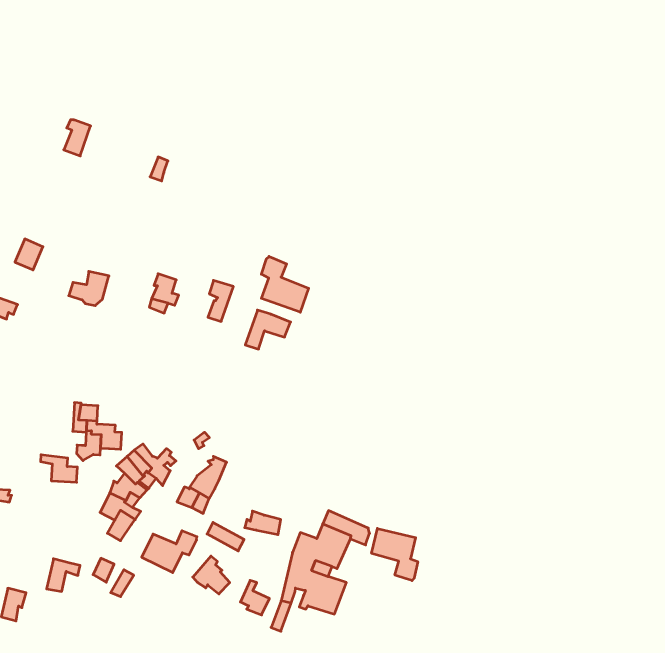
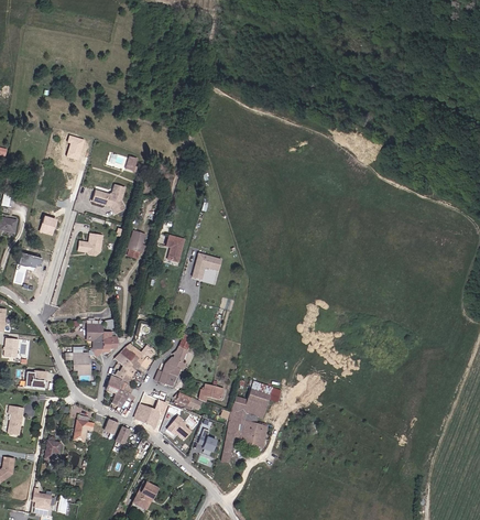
building: none -> [91,185,124,214]
building: [261,256,309,312] -> none
building: [372,528,418,581] -> none

